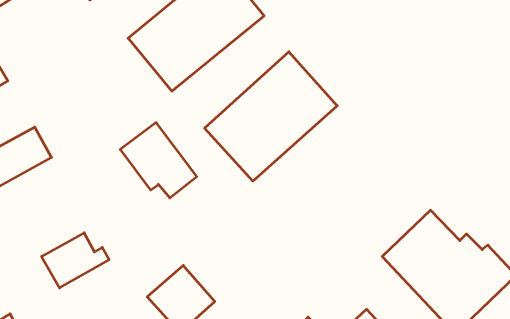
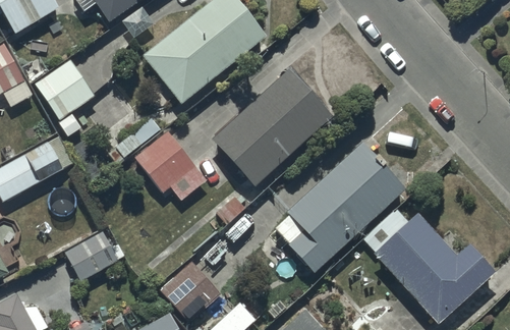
building: none -> [35,60,95,138]
building: none -> [275,143,406,273]

